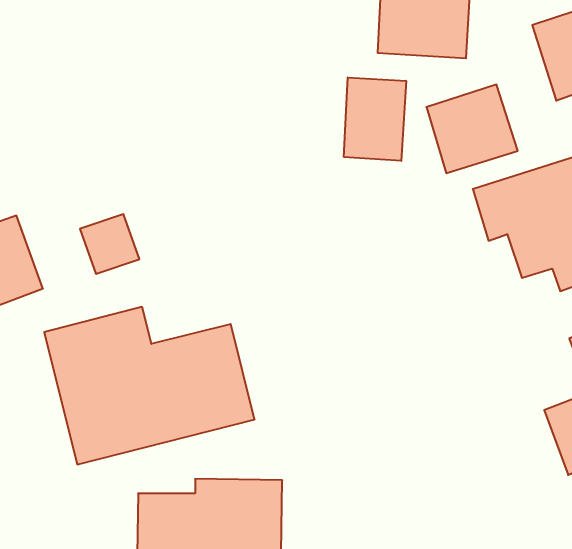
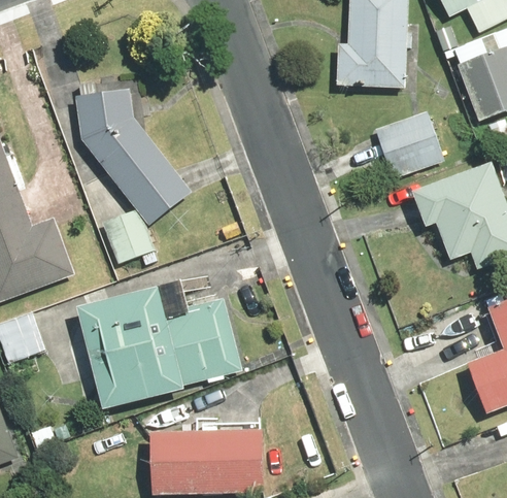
building: none -> [75,87,192,221]
building: [344,77,406,161] -> none

